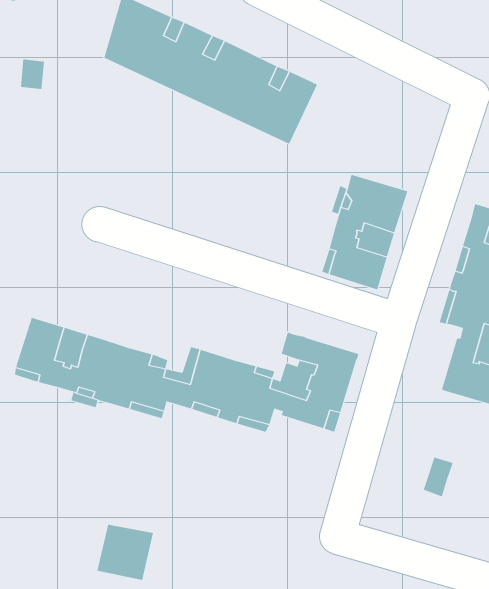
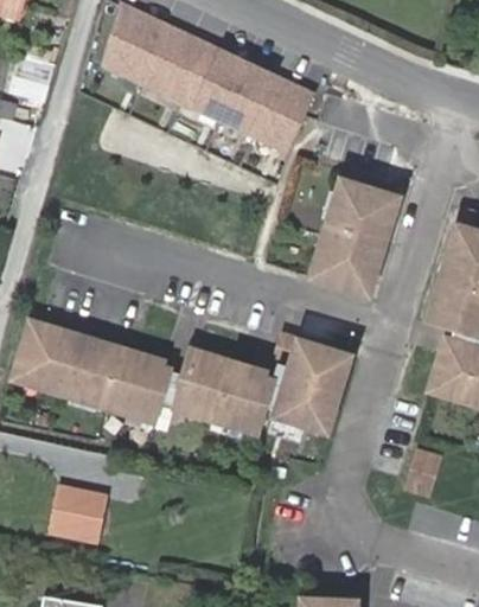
building: [96,524,154,581] -> [49,486,104,541]

